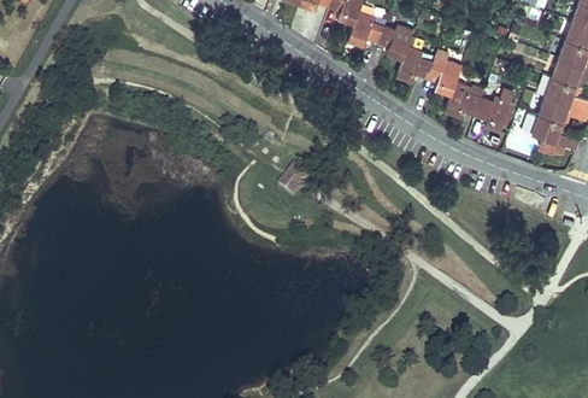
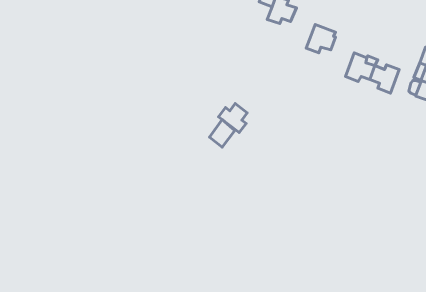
building: [377,23,413,58] -> none
building: [427,48,461,93] -> none
building: none -> [219,104,247,133]

